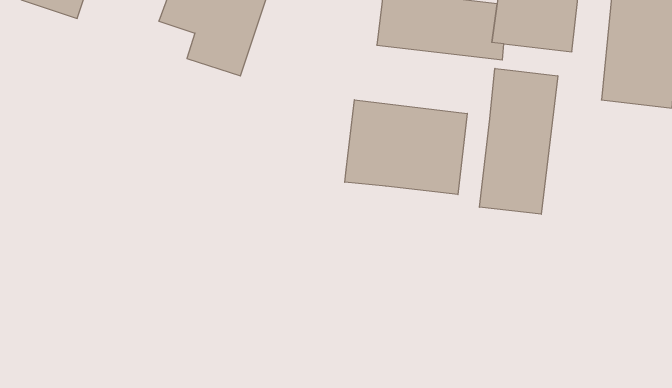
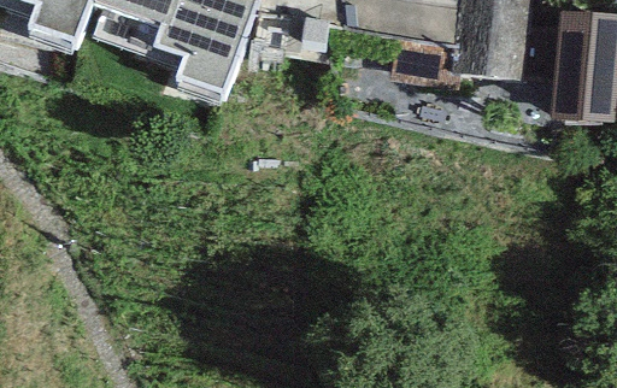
building: [479,68,558,214] -> none
building: [345,100,467,195] -> none

